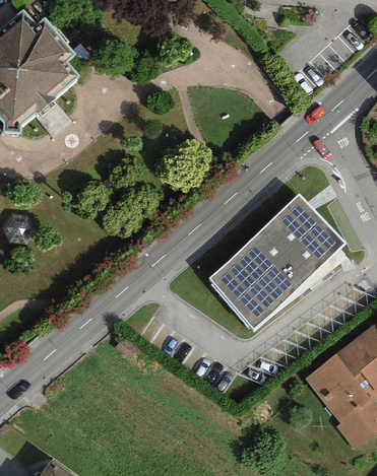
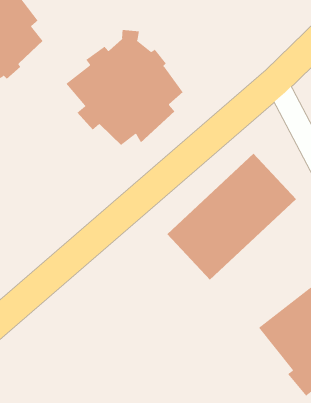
building: none -> [65,29,184,146]

